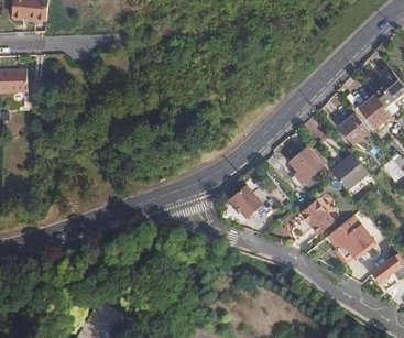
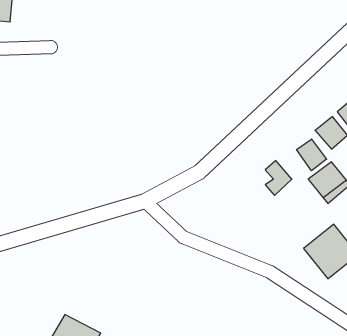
building: none -> [297,139,327,171]
building: [229,185,264,221] -> none
building: [299,199,334,233] -> none

